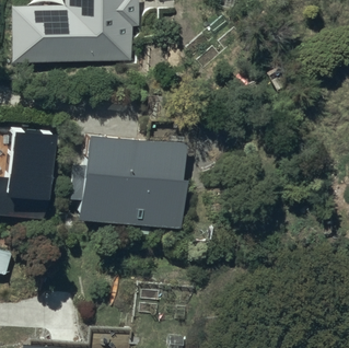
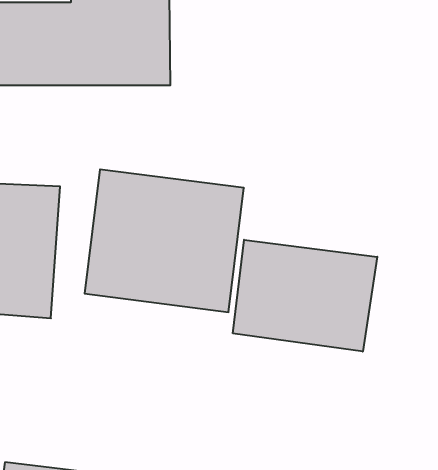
building: none -> [233,240,377,352]

